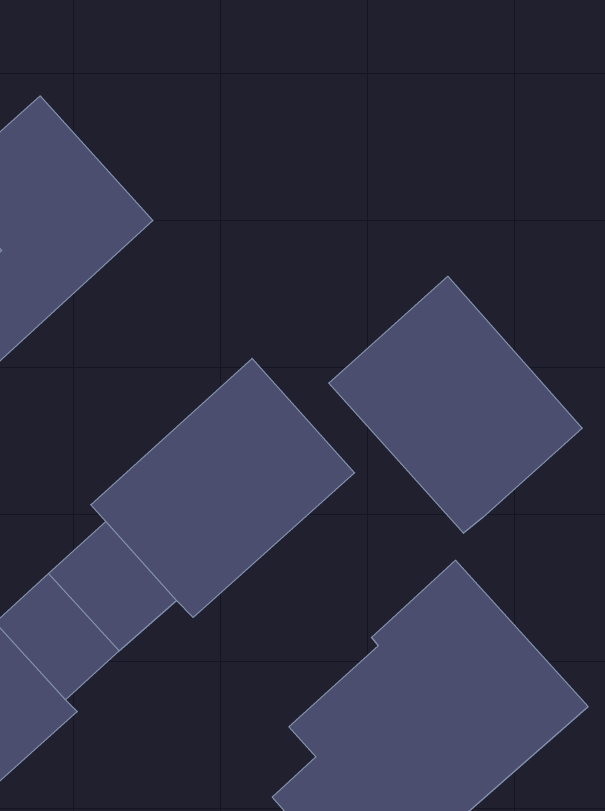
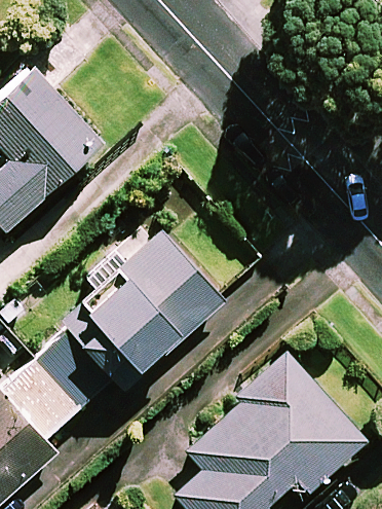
building: [329,276,582,533] -> none

